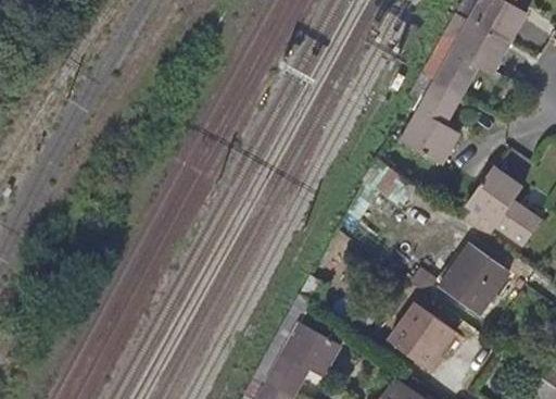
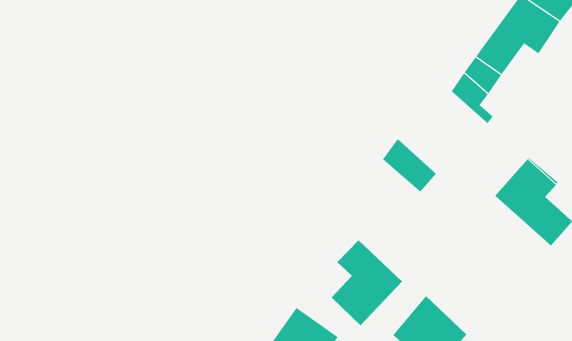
building: [402,113,454,162] -> none
building: [435,244,505,314] -> none
building: none -> [331,239,403,326]

